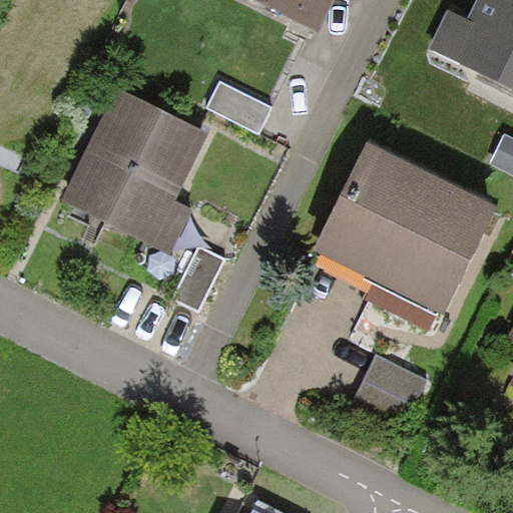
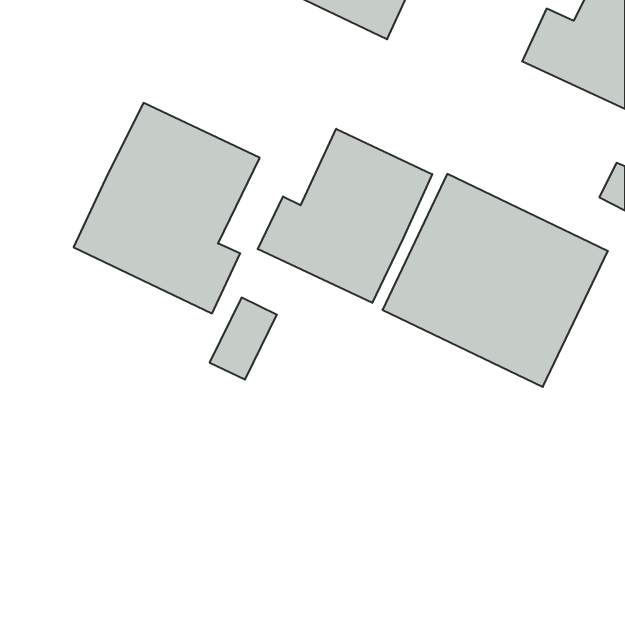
building: none -> [258,129,432,303]
building: [349,352,430,433] -> none

